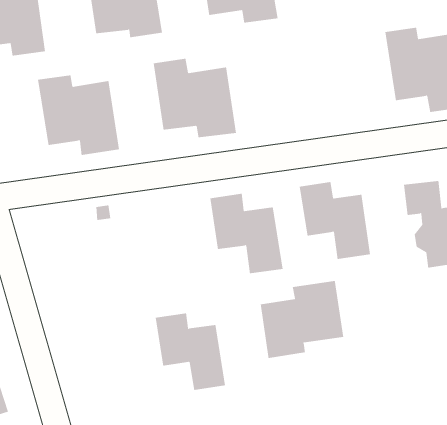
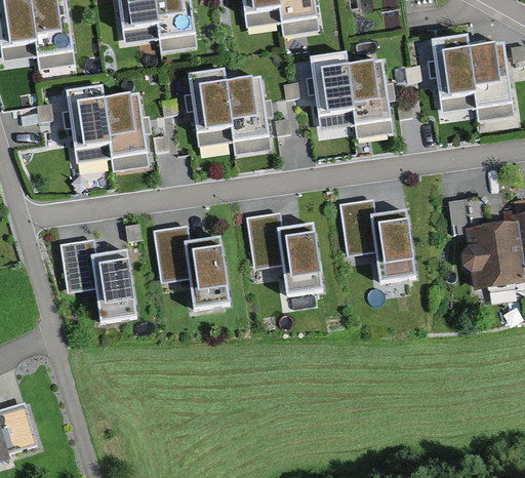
building: none -> [310,53,396,136]
building: none -> [59,240,135,324]
building: [260,280,344,359] -> none
building: [155,313,226,390] -> [153,226,228,308]

